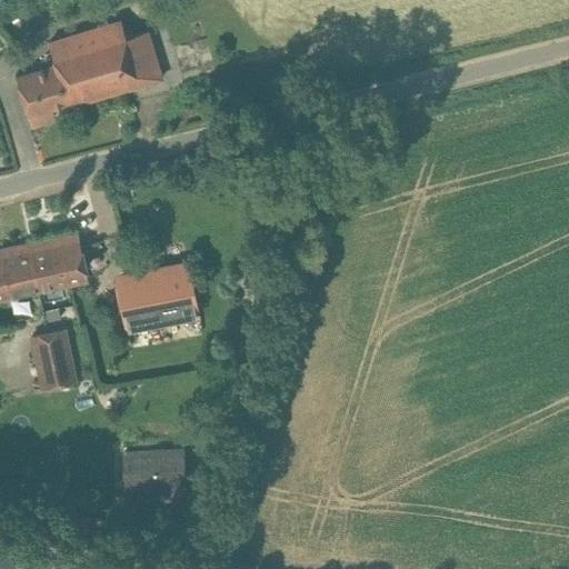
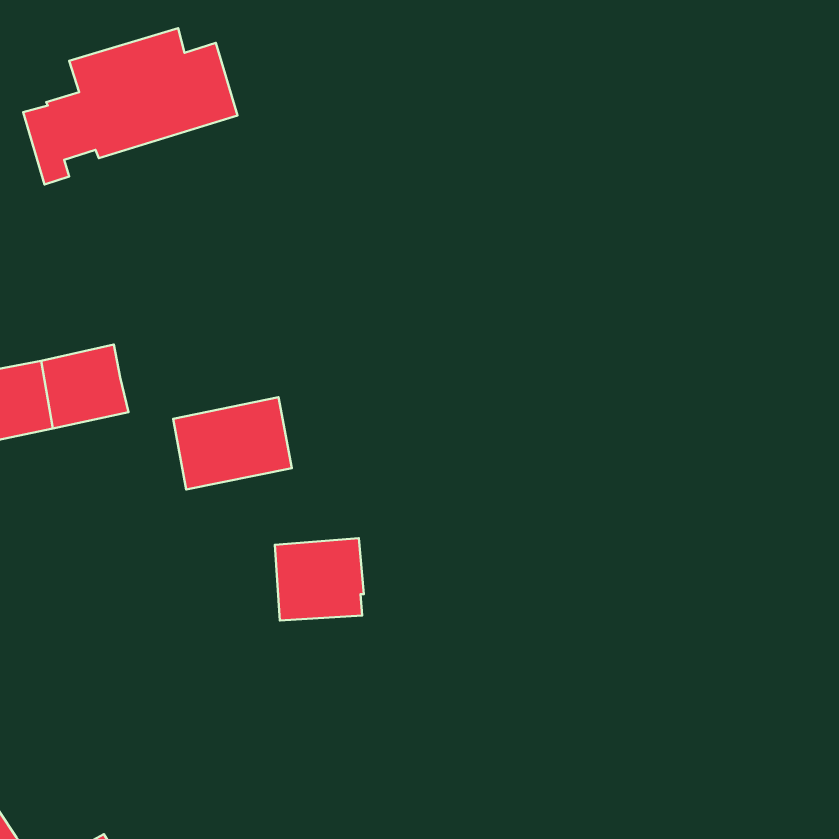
building: [28,328,77,390] -> none
building: [124,450,184,506] -> [275,538,364,621]

